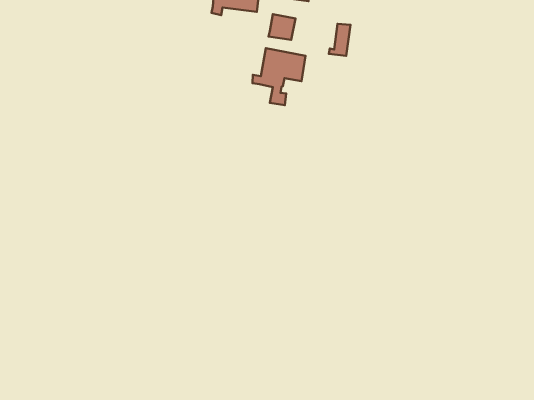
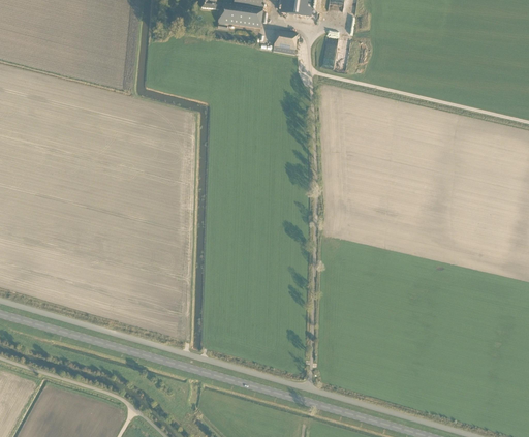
building: [253,48,306,105] -> none

